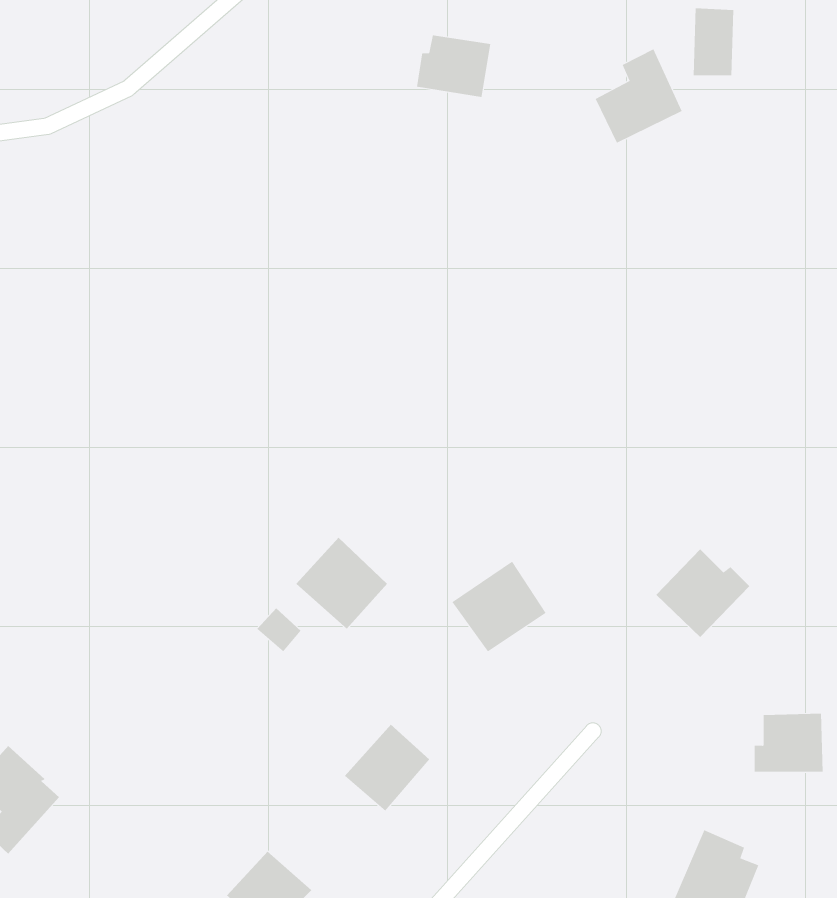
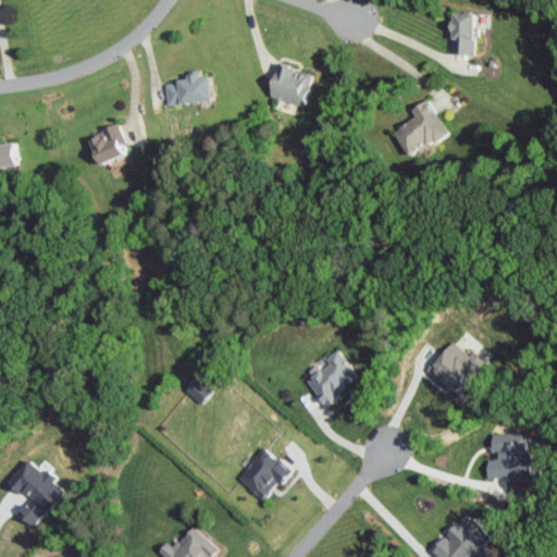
building: [416,35,491,98] -> [268,67,313,106]
building: [595,49,683,143] -> [394,99,447,157]
building: none -> [164,76,209,106]
building: none -> [86,125,127,164]
building: [296,537,388,630] -> none

